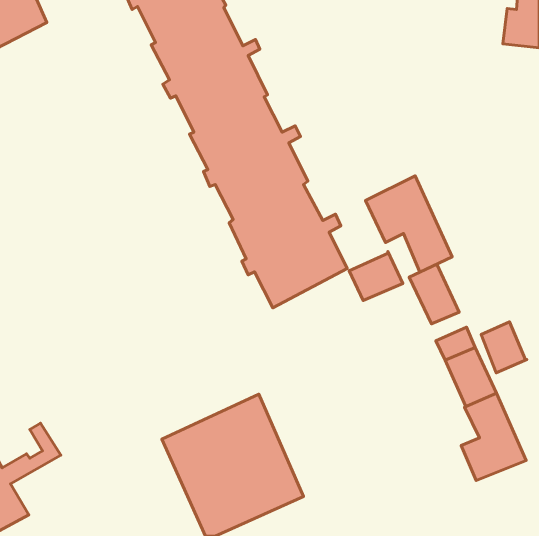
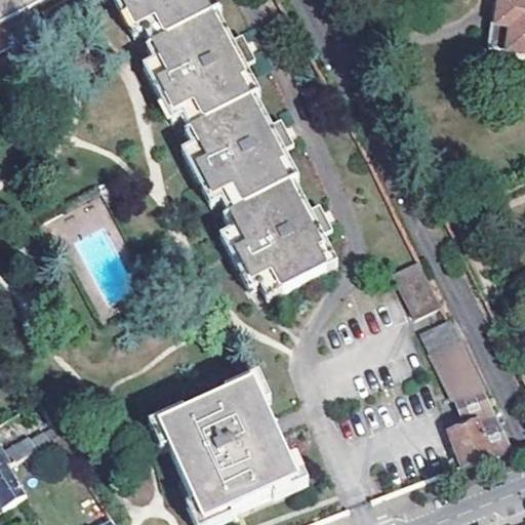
building: [366,176,452,272] -> none
building: [349,252,403,301] -> none
building: [481,322,527,373] -> none

